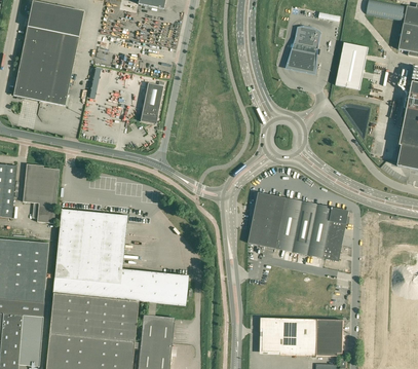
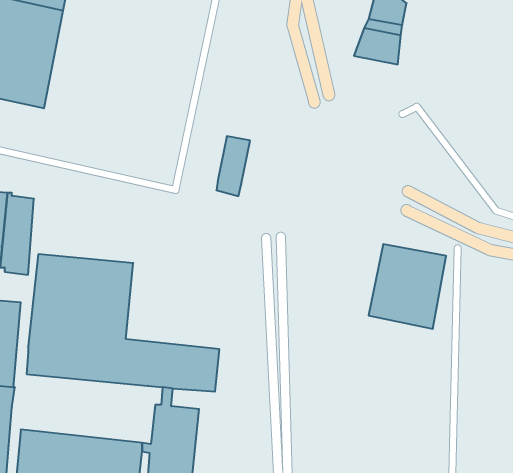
building: [336,42,369,89] -> none
building: [141,82,164,124] -> [216,136,250,196]
building: [249,192,304,252] -> none
building: [49,293,139,341] -> none
building: [261,318,343,356] -> none

